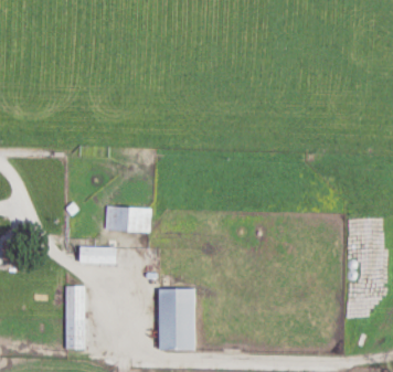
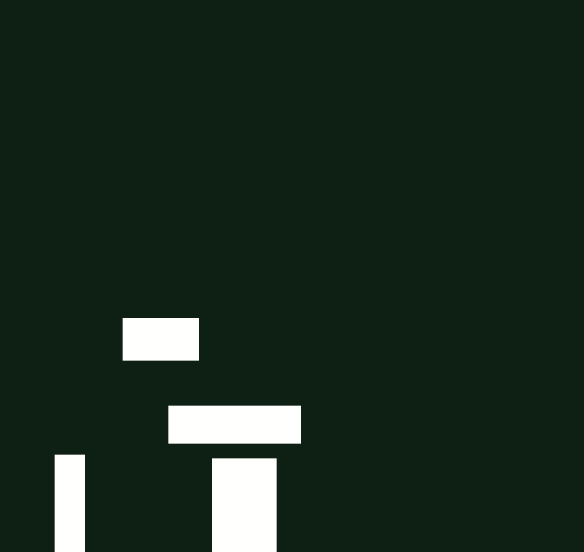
building: [78,247,116,264] -> none
building: none -> [168,405,301,444]

